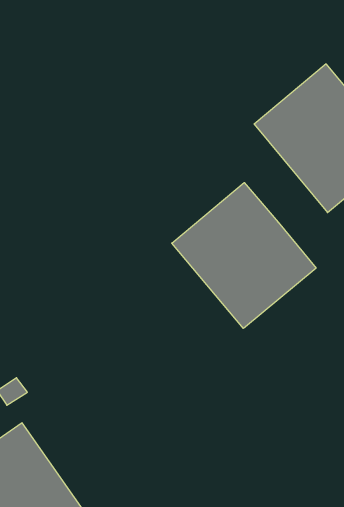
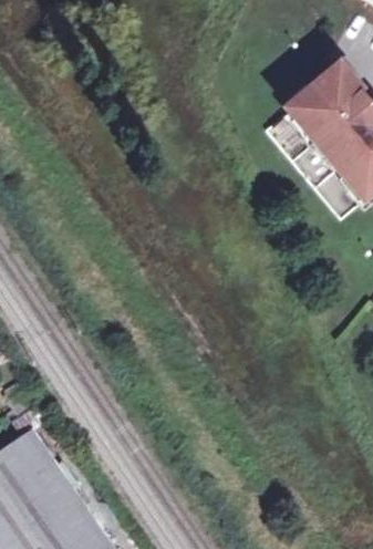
building: [172,183,316,328] -> none

